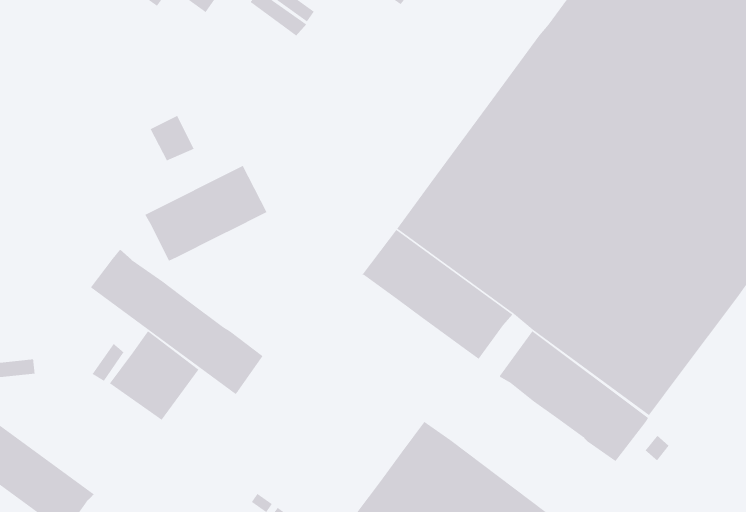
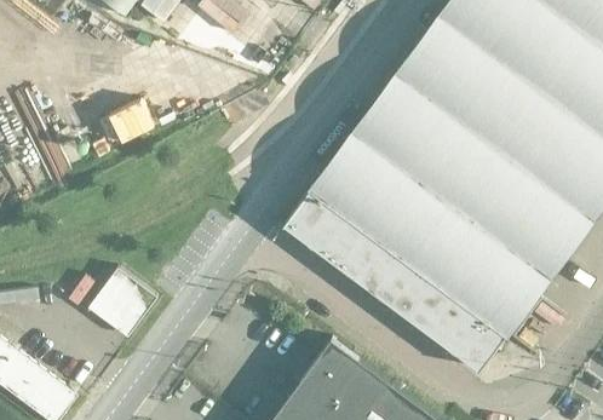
building: [144,165,268,262] -> none
building: [90,249,264,395] -> none
building: none -> [374,258,415,305]

